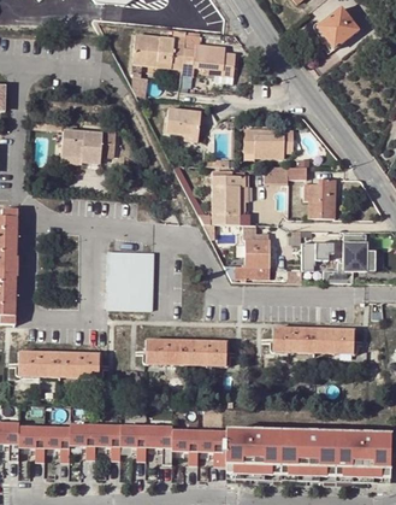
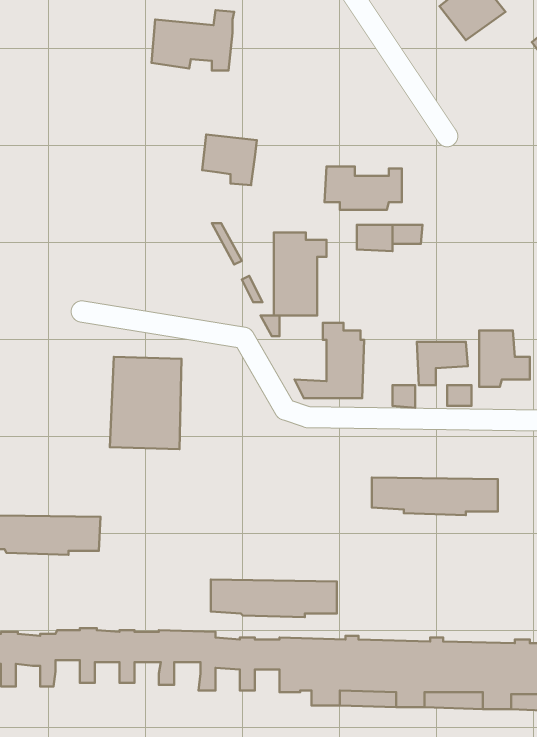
building: [183,35,235,75] -> none
building: [65,129,118,162] -> none
building: [305,178,335,217] -> none
building: [147,340,227,364] -> [211,580,337,617]

